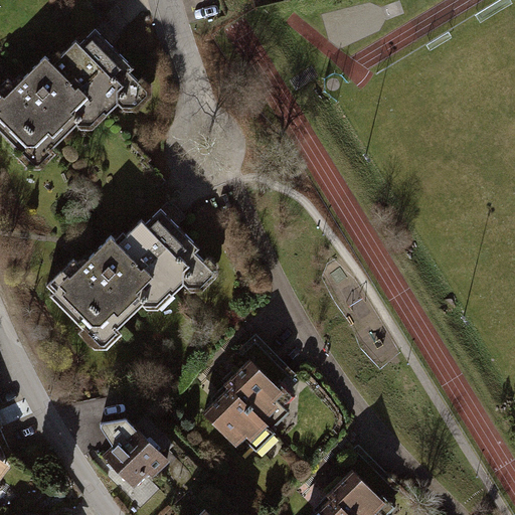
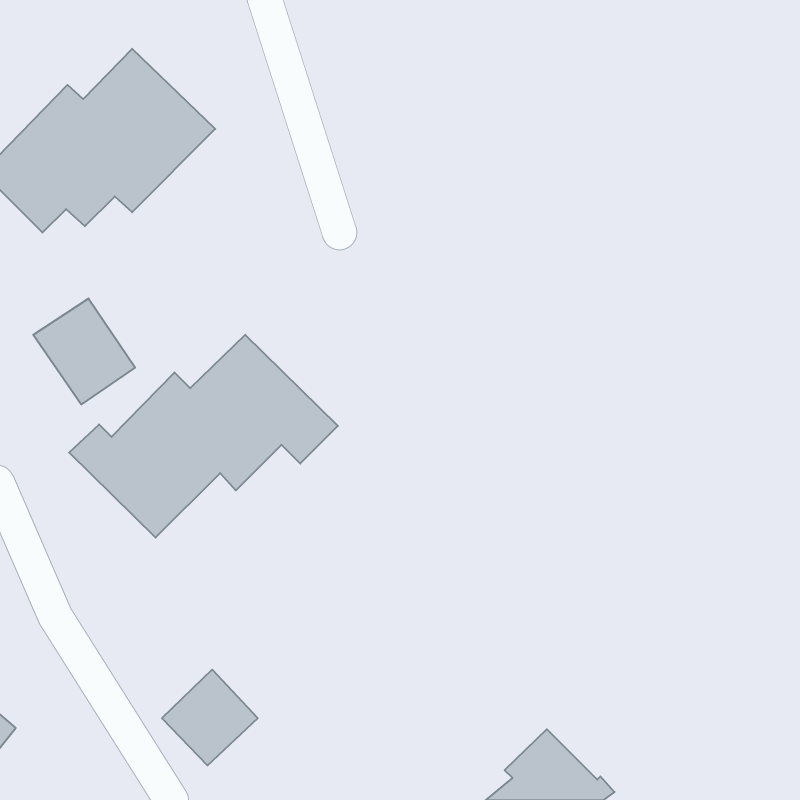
building: none -> [33,298,135,404]
building: [200,357,291,453] -> none

